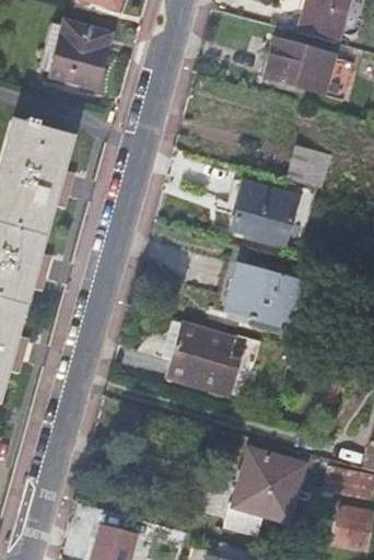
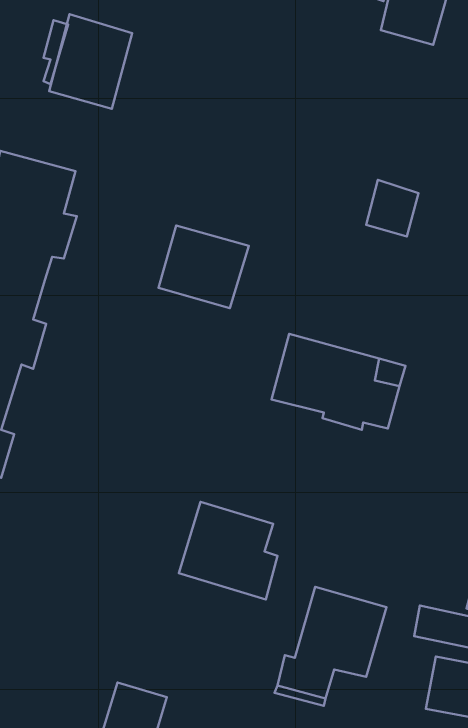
building: [264,37,335,94] -> none
building: [232,180,300,243] -> [159,226,249,308]
building: [165,320,239,394] -> [179,502,278,599]

